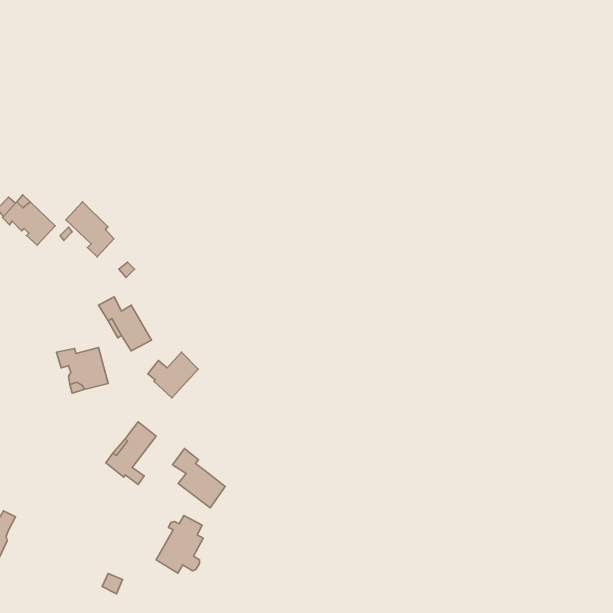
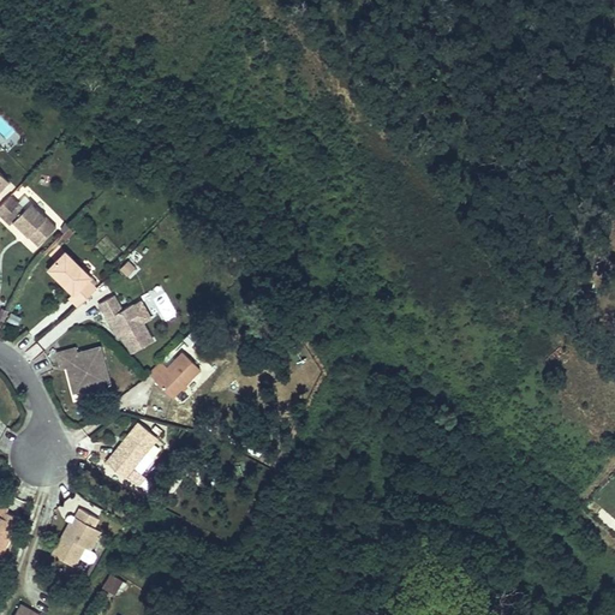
building: [66,202,114,257] -> [47,252,95,308]
building: [173,448,225,508] -> none
building: [156,515,203,573] -> [52,509,98,567]

